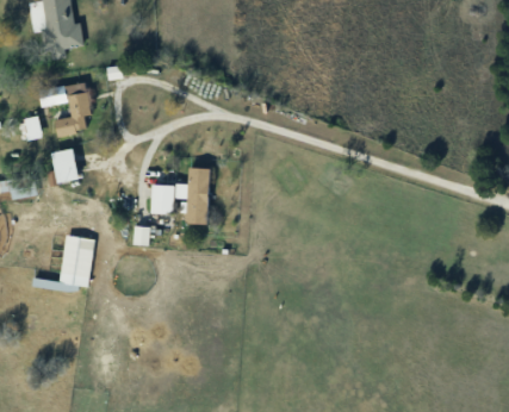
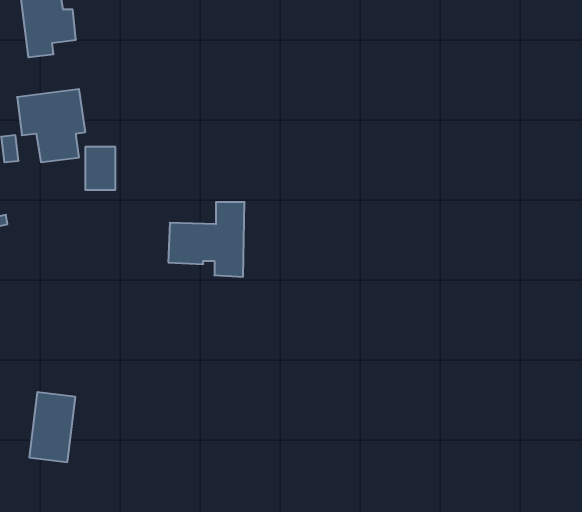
building: [56,149,79,181] -> [85,147,115,190]
building: [60,233,94,286] -> [29,392,75,462]

